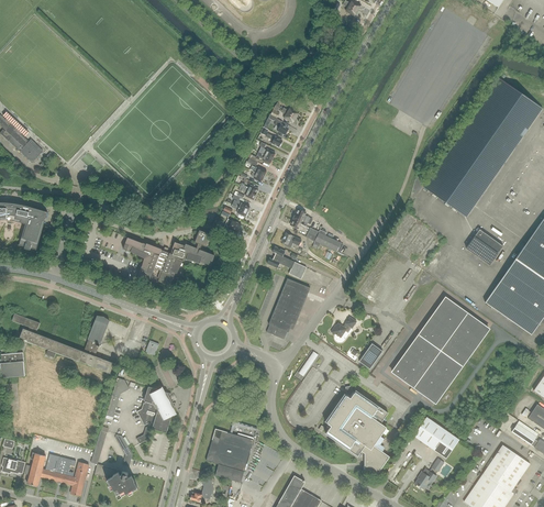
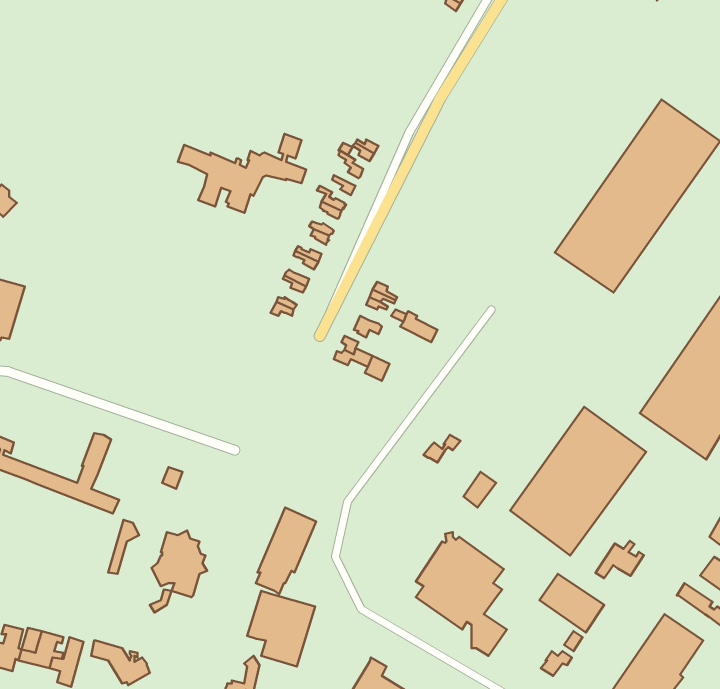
building: [123,229,214,285] -> [178,134,306,213]
building: [465,229,502,265] -> none
building: [267,277,310,339] -> [256,508,316,594]
building: none -> [595,541,644,578]

